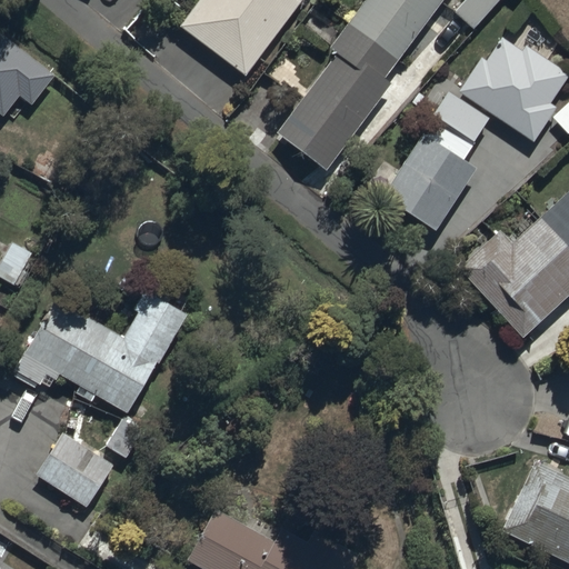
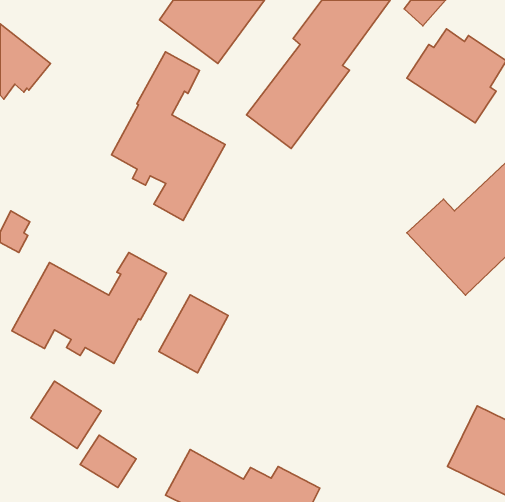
building: none -> [111,52,225,221]
building: [383,90,491,228] -> none
building: none -> [159,295,228,373]
building: none -> [80,435,136,488]

